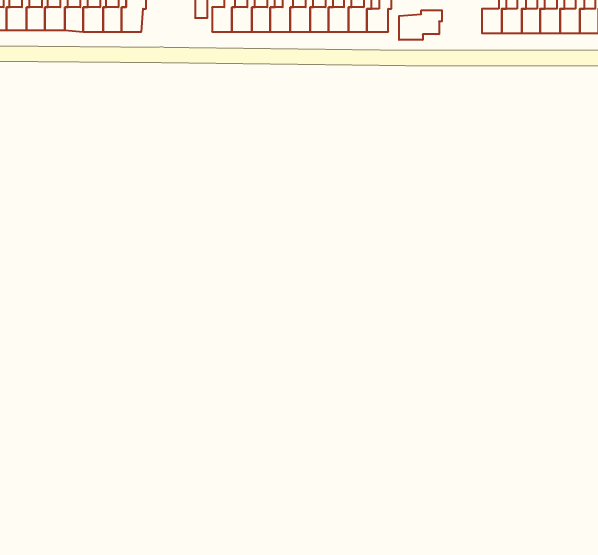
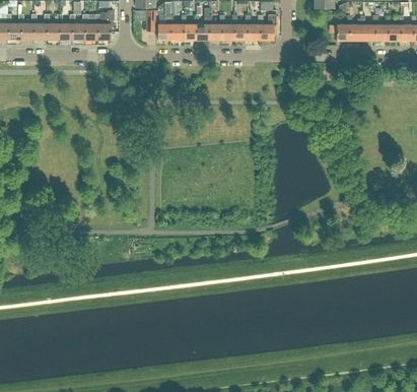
building: [399,10,442,40] -> none

